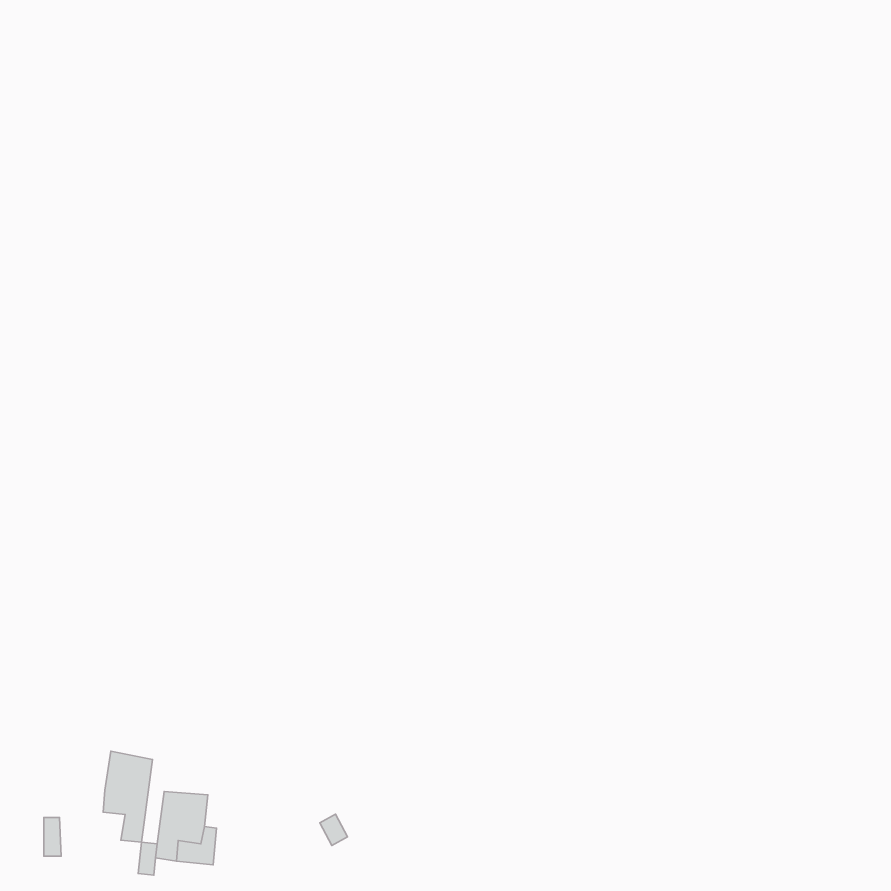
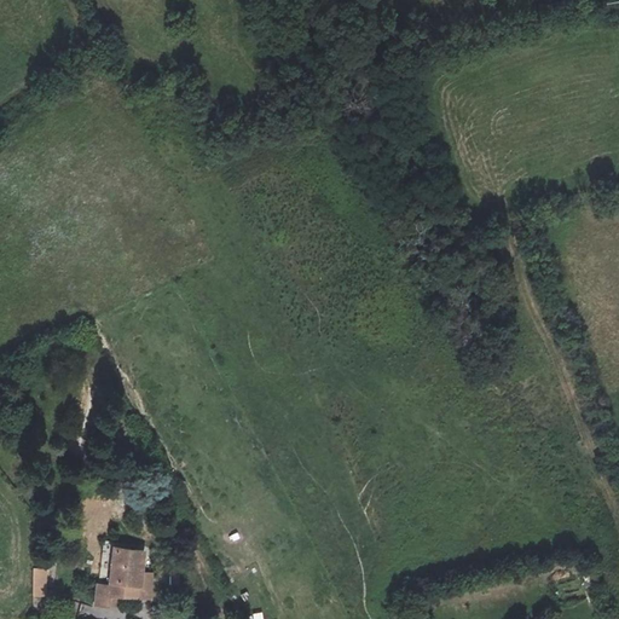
building: [103,751,153,842] -> none

